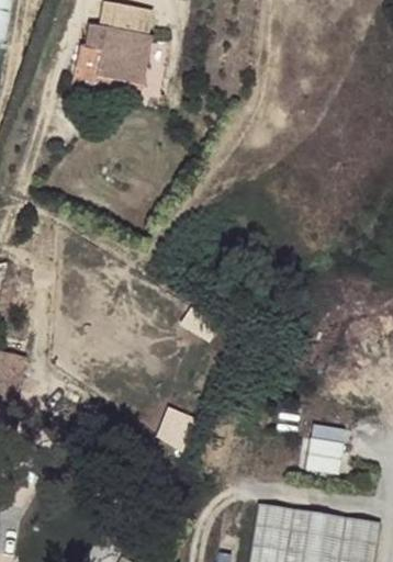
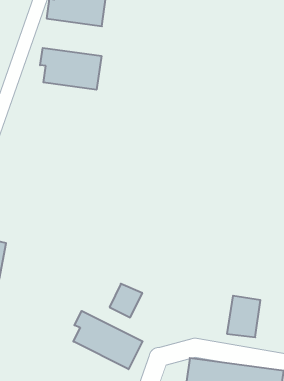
building: none -> [40,48,101,90]
building: none -> [73,311,143,369]

